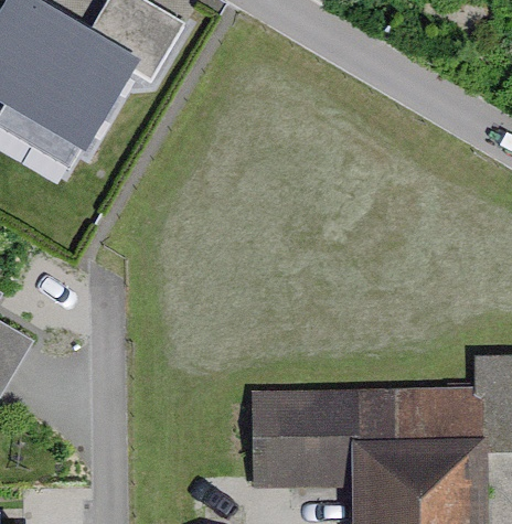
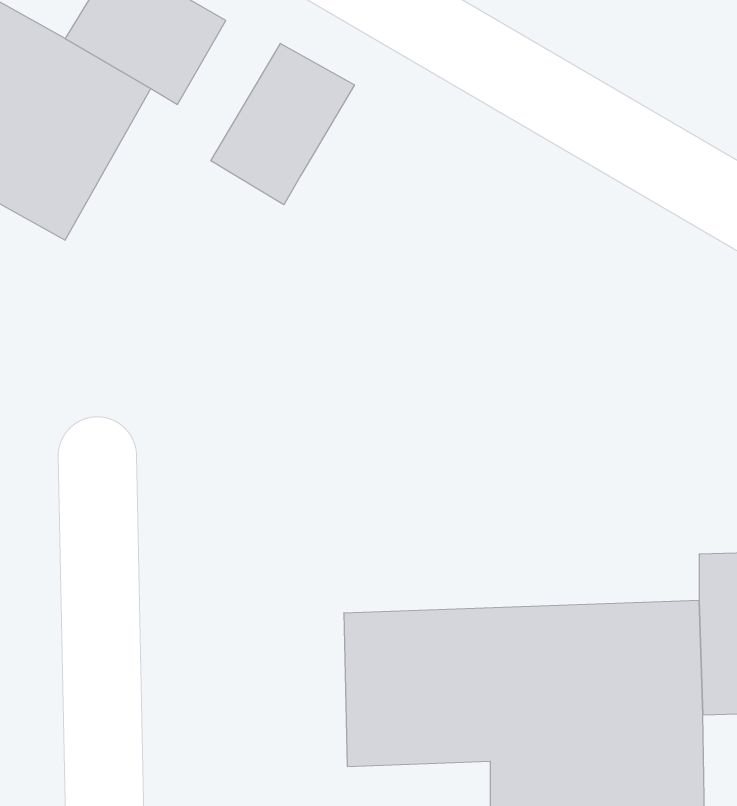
building: none -> [211,43,354,205]

